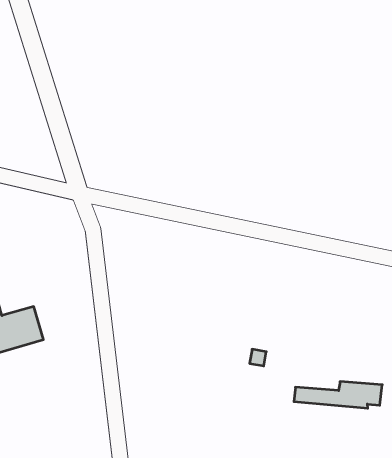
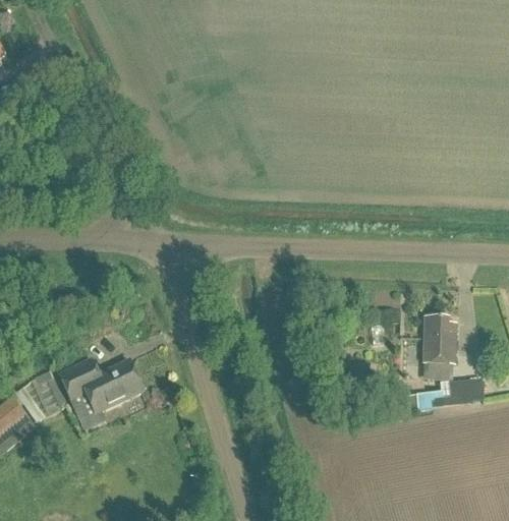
building: none -> [422,317,456,363]

